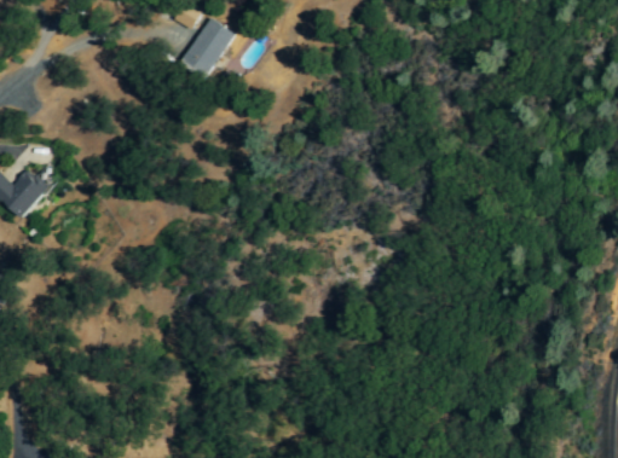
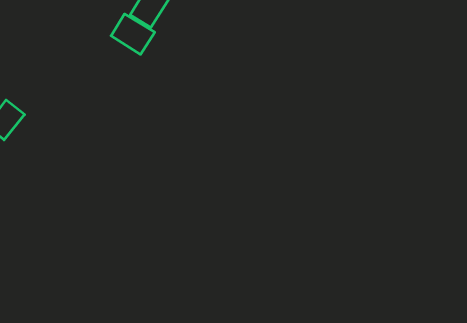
building: none -> [111,14,155,54]

